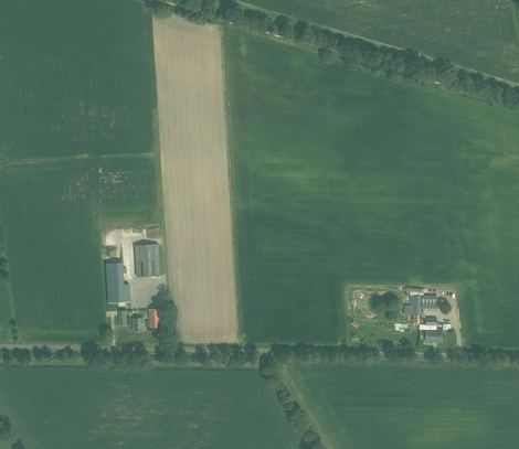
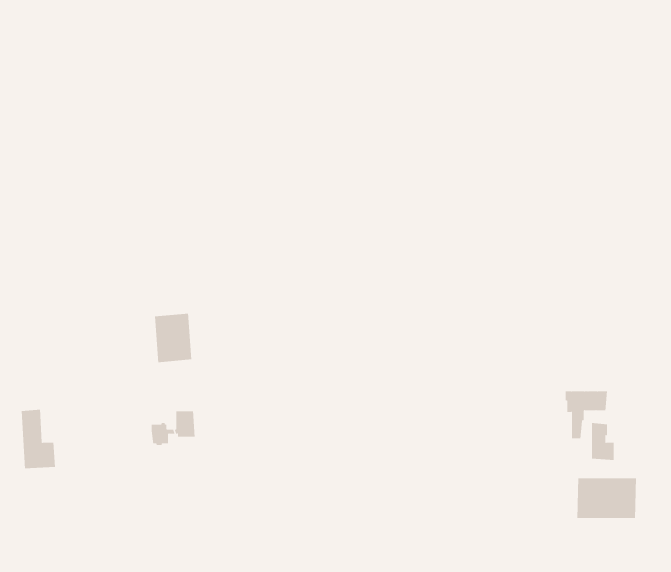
building: [106,263,129,302] -> [21,409,56,469]
building: none -> [577,477,637,519]

